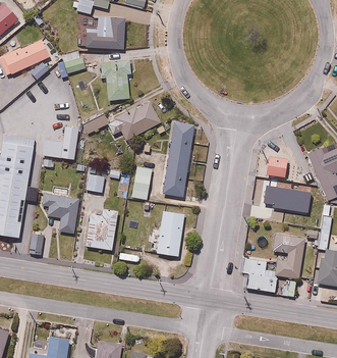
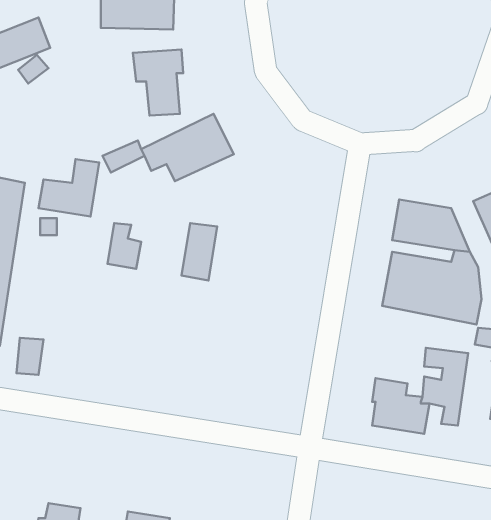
building: [162,122,194,196] -> none
building: [42,186,79,233] -> none
building: [86,207,119,250] -> none
building: [149,210,184,256] -> none

